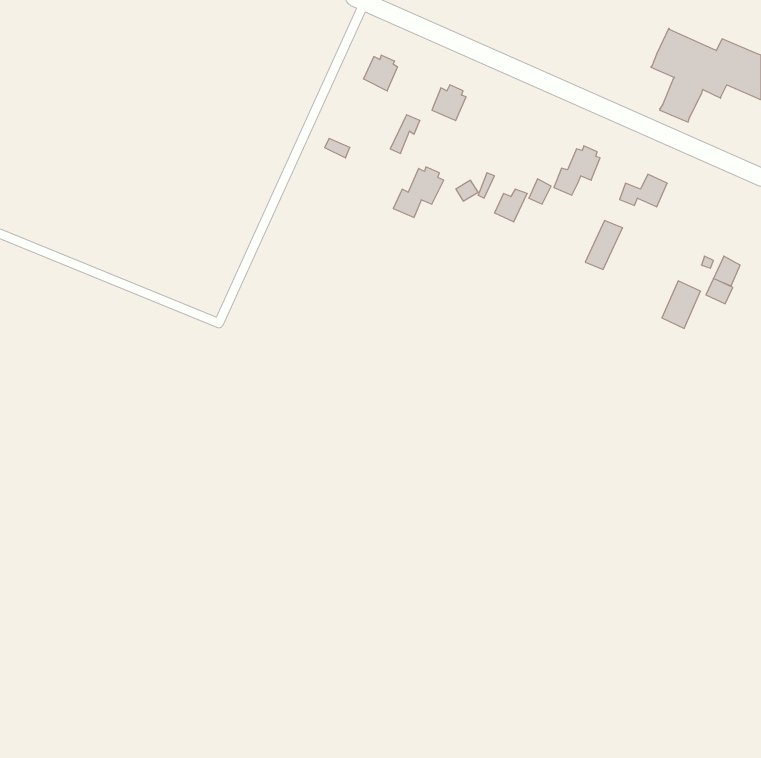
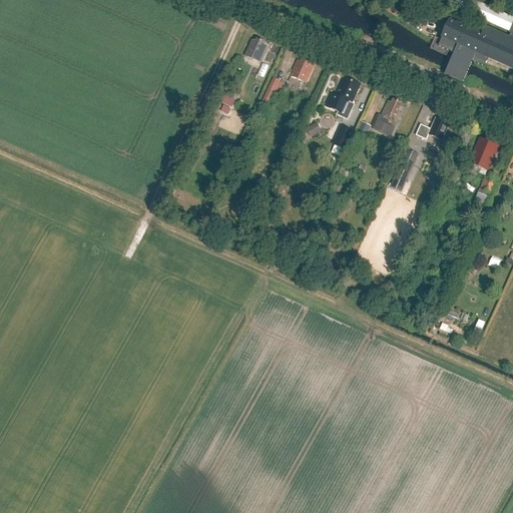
building: [393,167,444,218] -> [326,77,360,111]
building: [662,281,701,328] -> [471,137,497,169]

